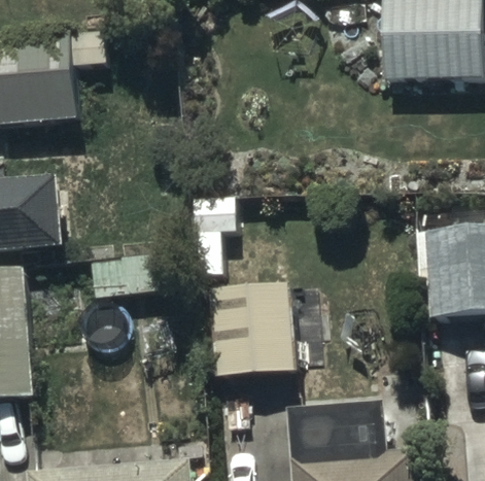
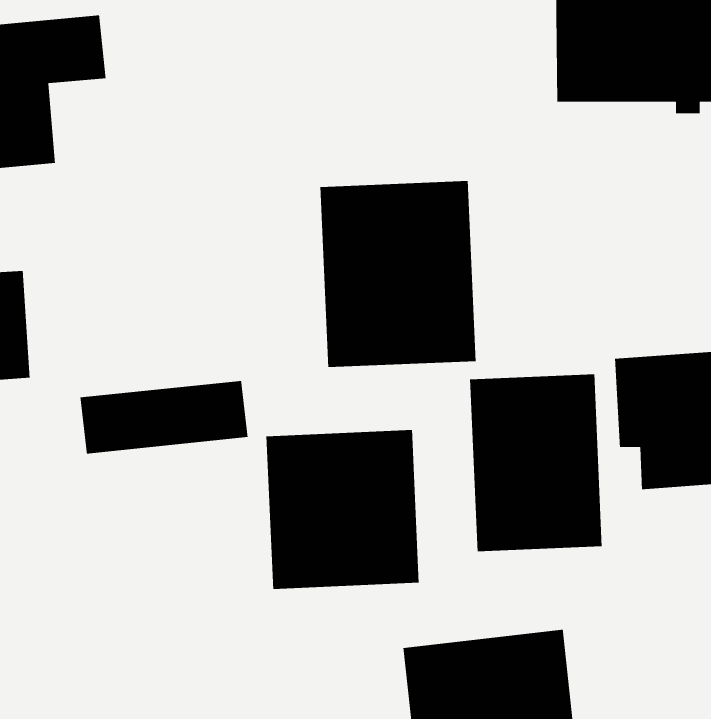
building: none -> [319,180,476,368]
building: none -> [469,374,603,552]

